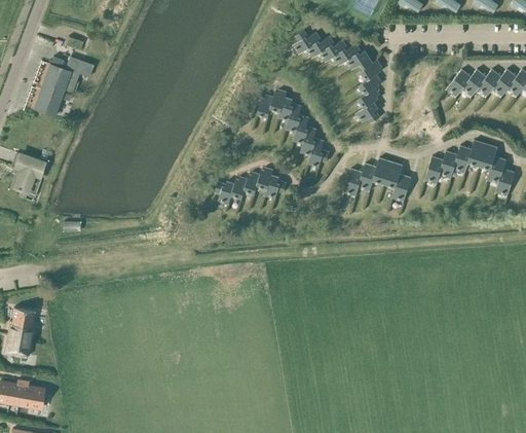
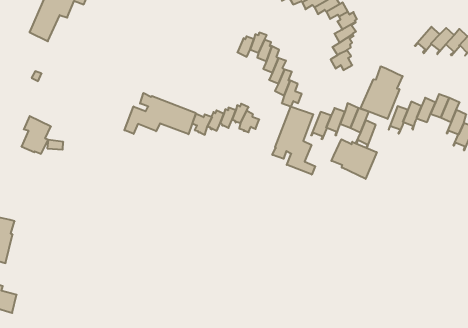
building: none -> [361,66,403,119]
building: [13,153,43,192] -> [21,116,51,154]
building: none -> [124,93,196,134]
building: none -> [272,107,315,175]
building: none -> [331,139,377,179]

